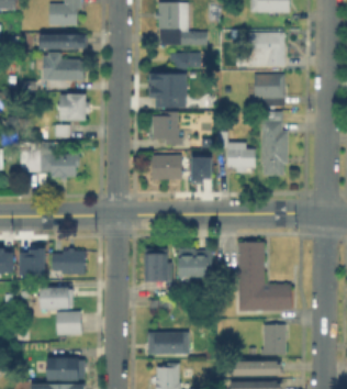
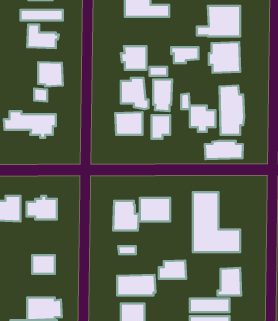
building: [172,53,203,70] -> [171,47,199,63]
building: none -> [153,79,172,111]
building: none -> [205,141,243,159]
building: [40,284,72,303] -> none
building: none -> [159,260,186,279]

